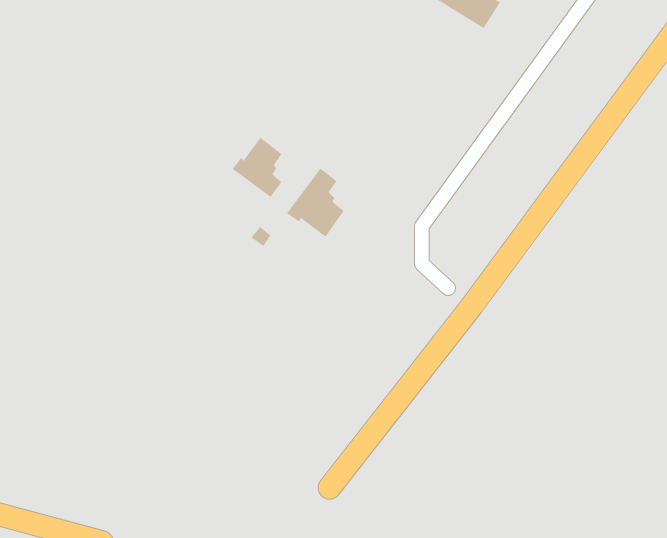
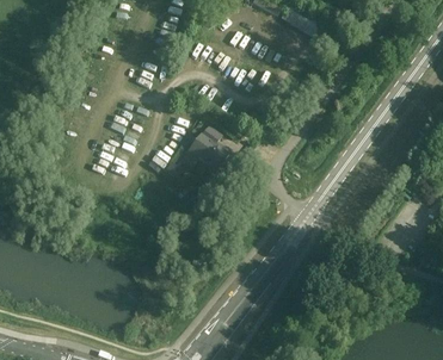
building: [232,137,282,198] -> none

